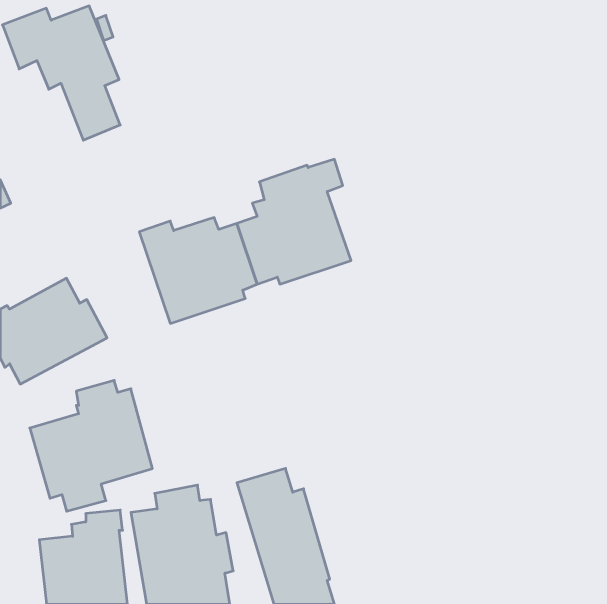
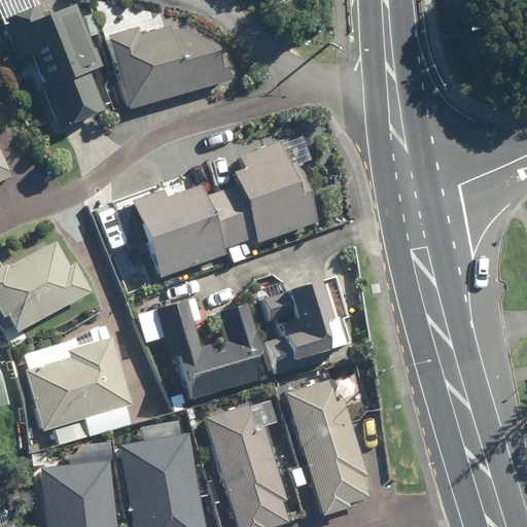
building: none -> [108,21,232,109]
building: none -> [265,284,331,374]
building: none -> [164,302,265,400]
building: none -> [286,381,371,516]

